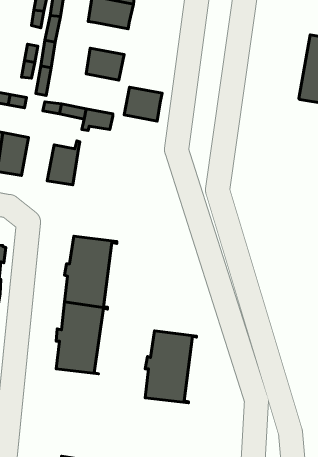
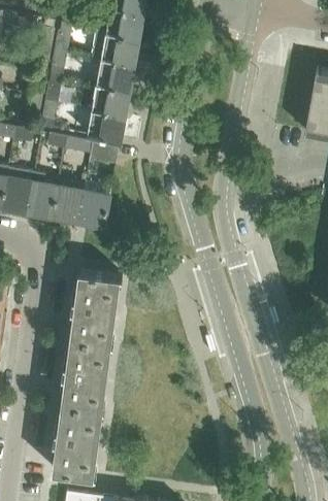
building: none -> [96,58,134,90]
building: [124,87,162,121] -> [87,109,125,143]
building: none -> [27,173,59,216]
building: none -> [78,182,111,226]
building: [145,331,197,403] -> [53,405,104,477]

